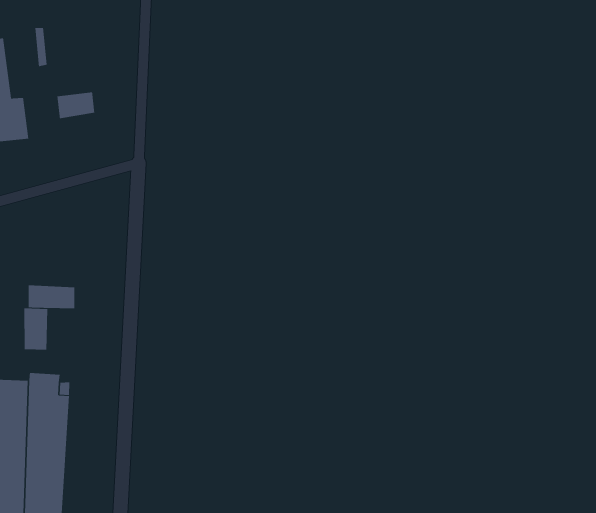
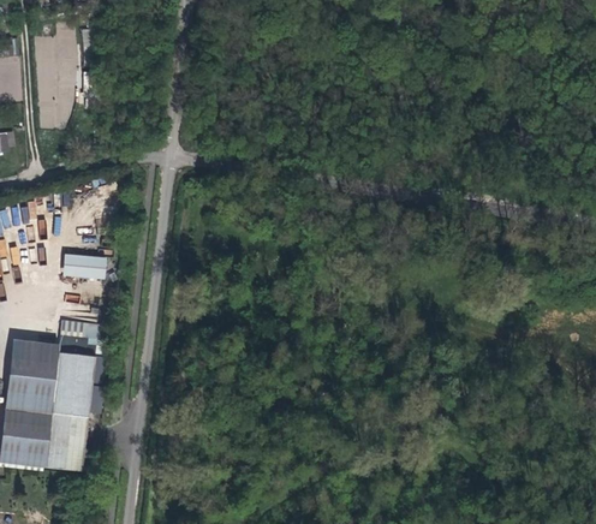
building: [57,91,95,119] -> none
building: [24,308,48,351] -> none

